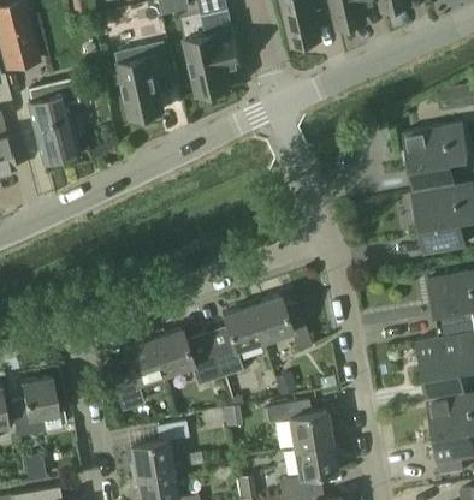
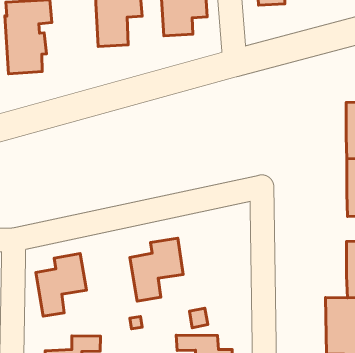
building: [249,296,310,352] -> none
building: [149,329,218,386] -> none

